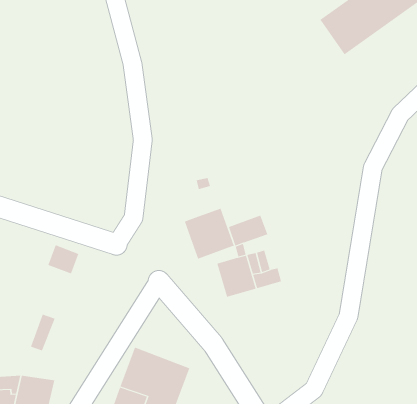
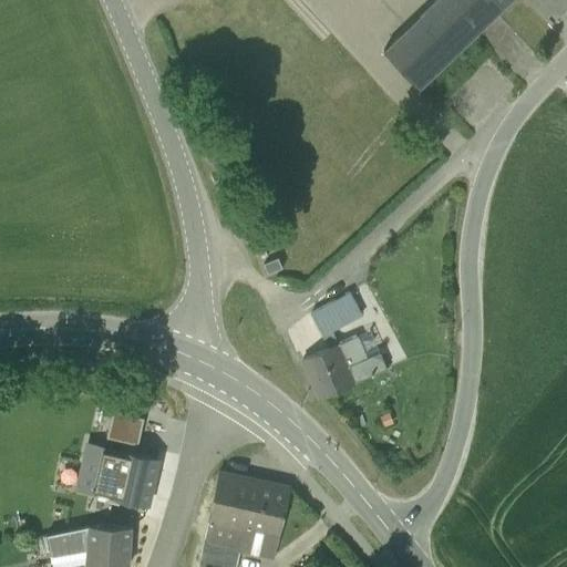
building: [184,208,235,259] -> none
building: [48,245,79,274] -> [106,408,142,440]
building: none -> [79,444,105,492]
building: none -> [112,452,158,504]

